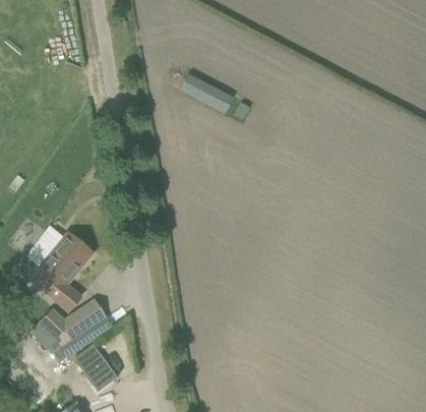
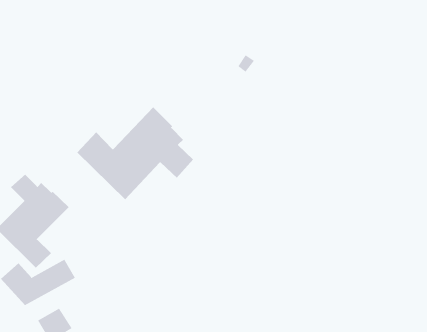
building: [180,74,233,114] -> none
building: none -> [76,107,194,200]

